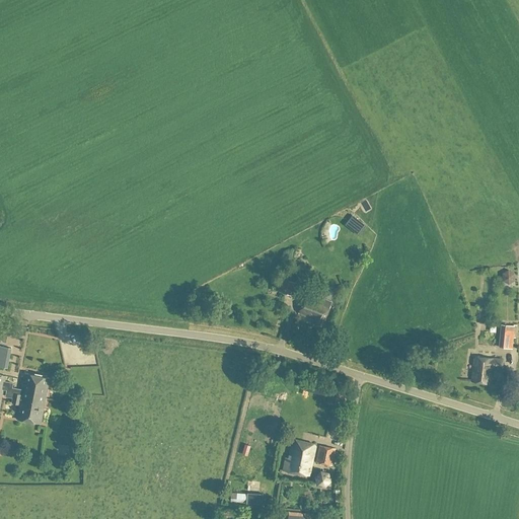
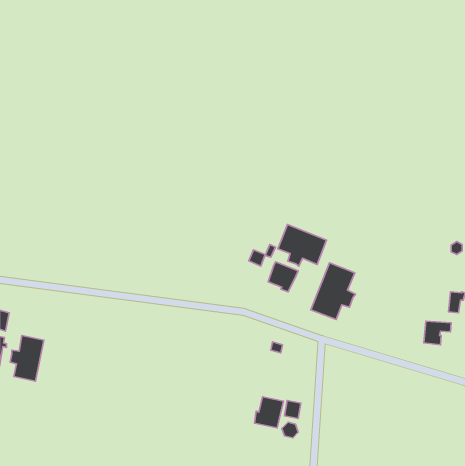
building: none -> [278,224,327,266]
building: none -> [311,263,355,320]

